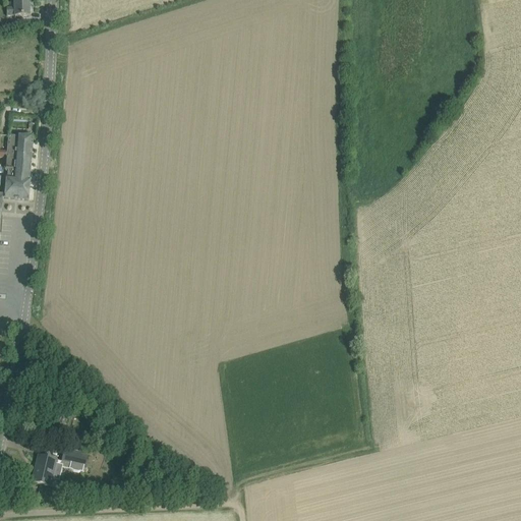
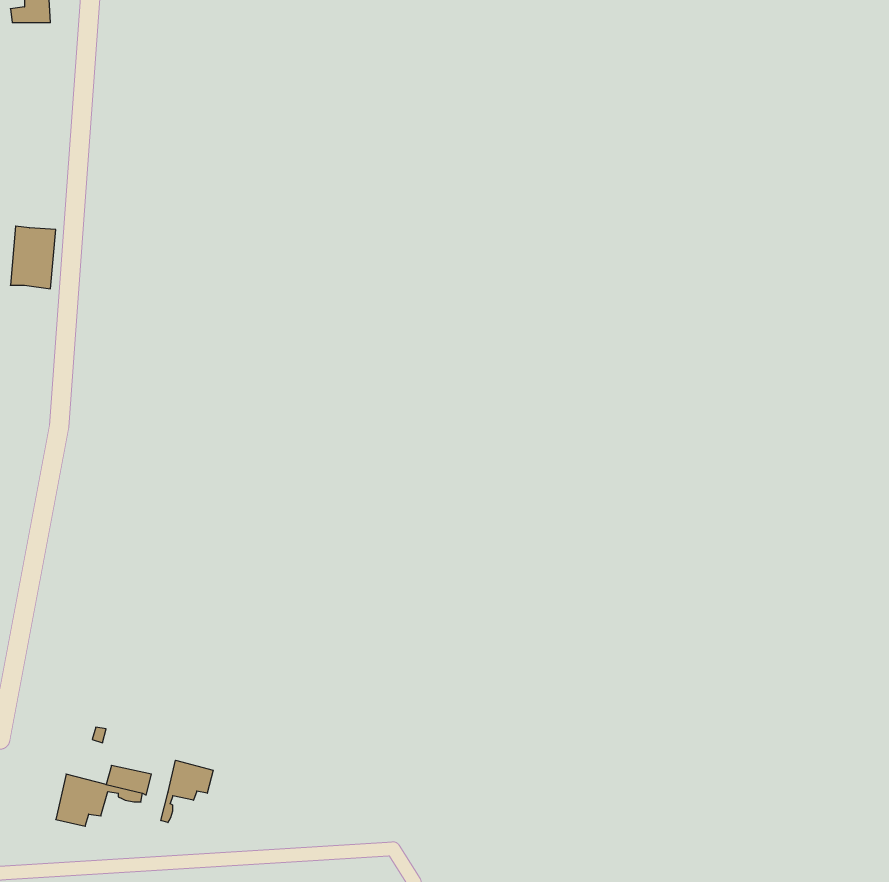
building: [4,167,31,197] -> none
building: none -> [161,760,213,823]

